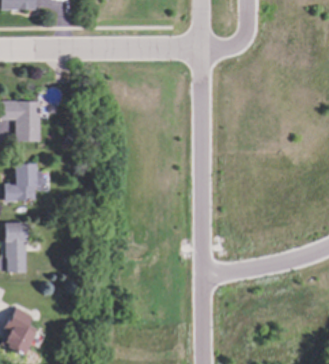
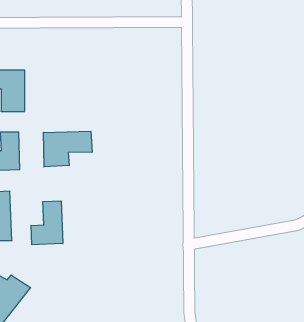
building: none -> [43,131,92,167]
building: none -> [31,201,63,245]

